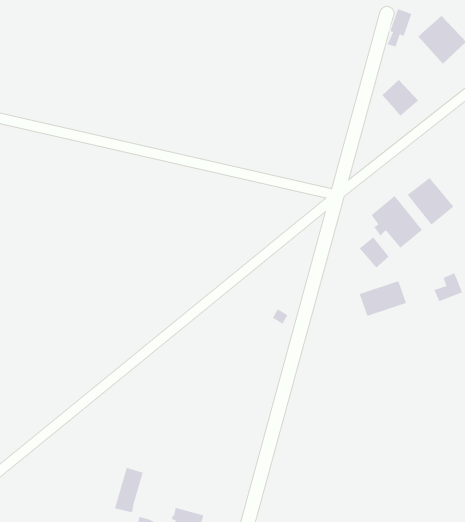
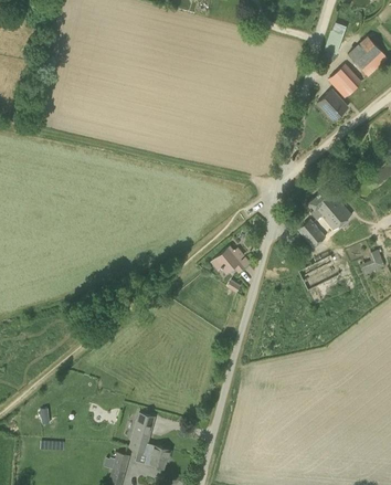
building: none -> [328,65,361,98]
building: [407,177,454,225] -> none
building: none -> [211,247,249,273]
building: [114,467,144,513] -> [129,413,154,451]

